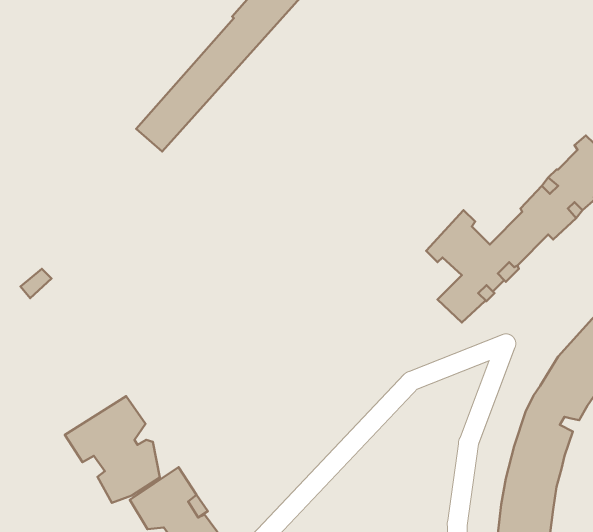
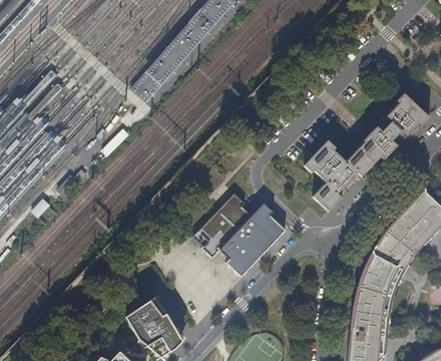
building: none -> [195,193,288,277]
building: [65,396,160,503] -> none

